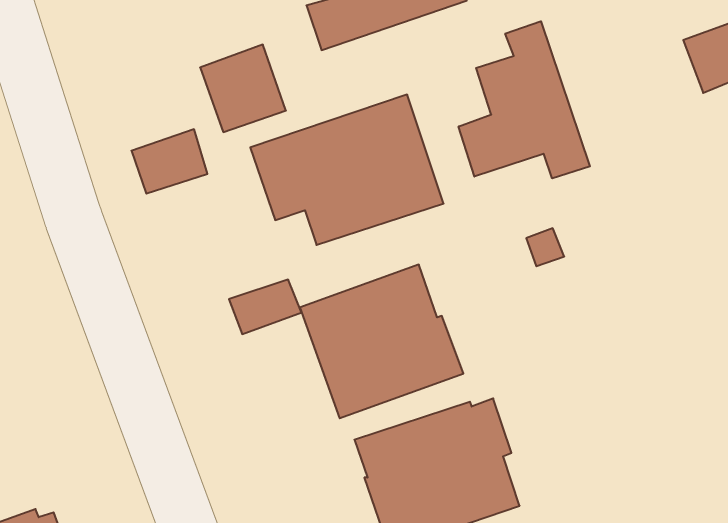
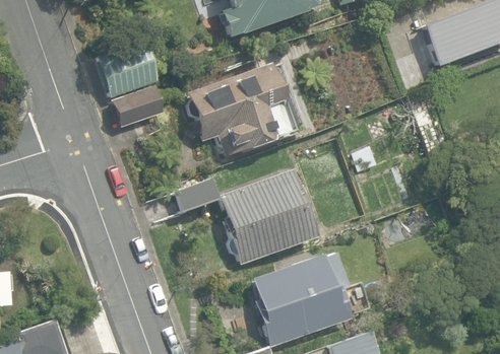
building: [459,21,590,178] -> none
building: [200,45,286,132] -> [98,43,150,96]

